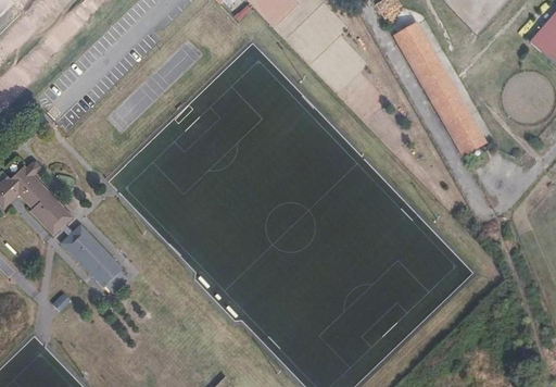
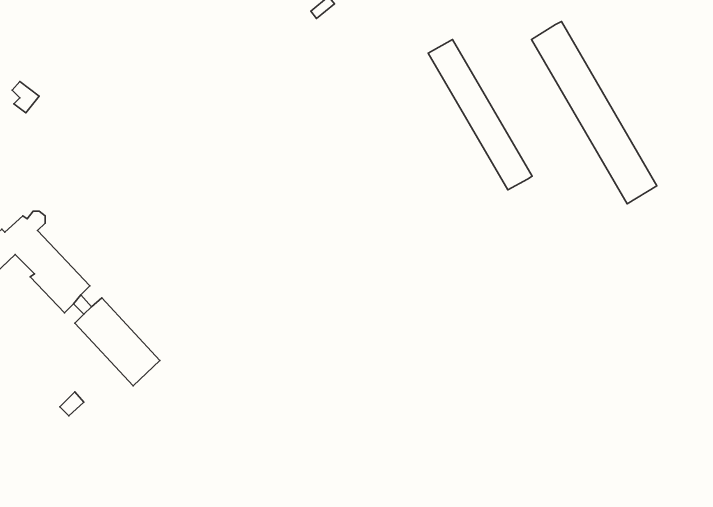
building: none -> [428,40,532,190]

